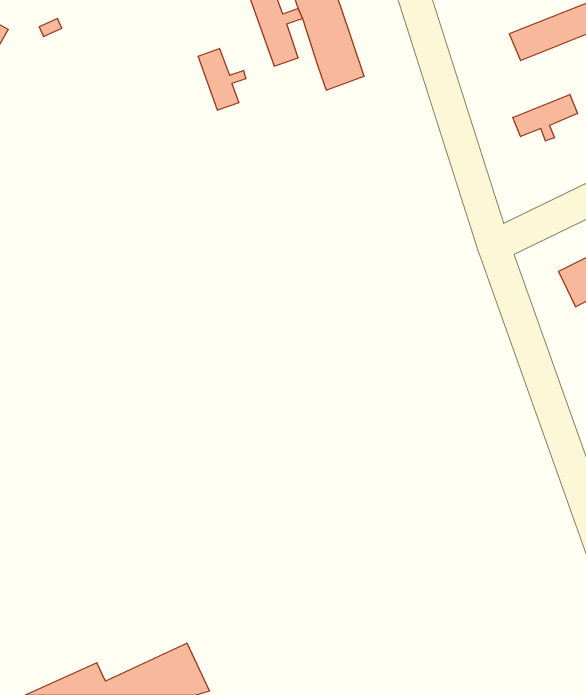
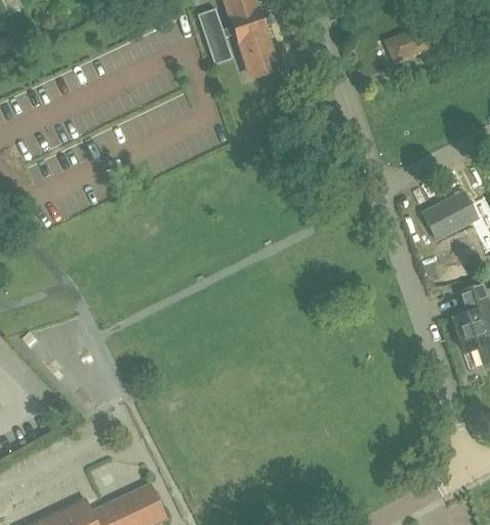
building: [198,48,246,110] -> none
building: [513,94,578,141] -> none

